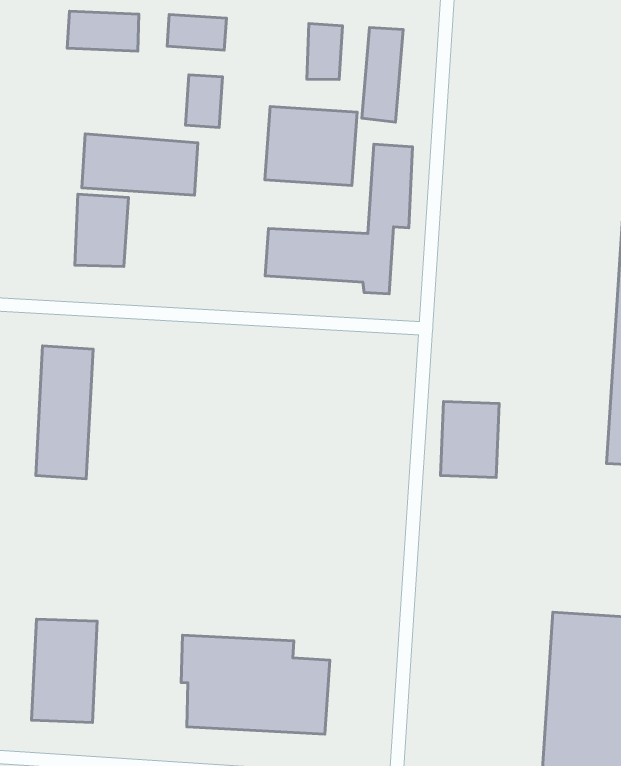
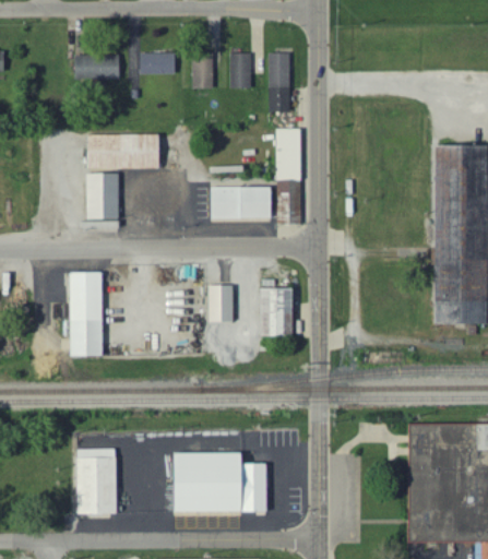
building: [186,75,223,127] -> [191,55,213,87]
building: [265,107,357,186] -> none
building: none -> [210,285,234,322]
building: [440,401,499,478] -> [258,287,295,336]

